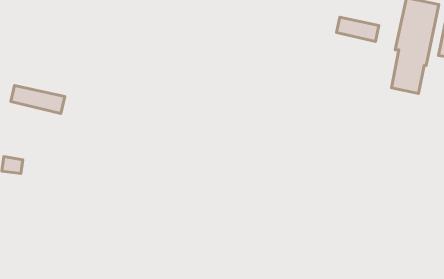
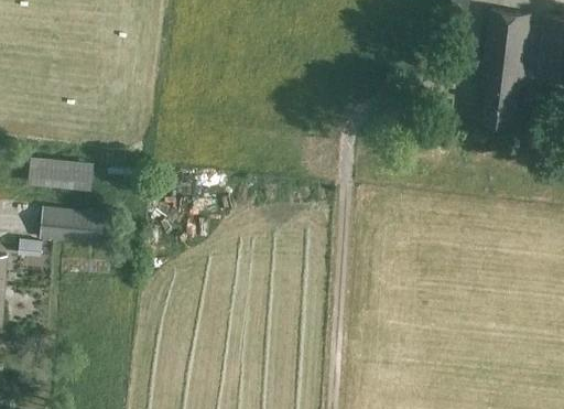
building: [337,17,379,41] -> none
building: none -> [42,207,106,247]

